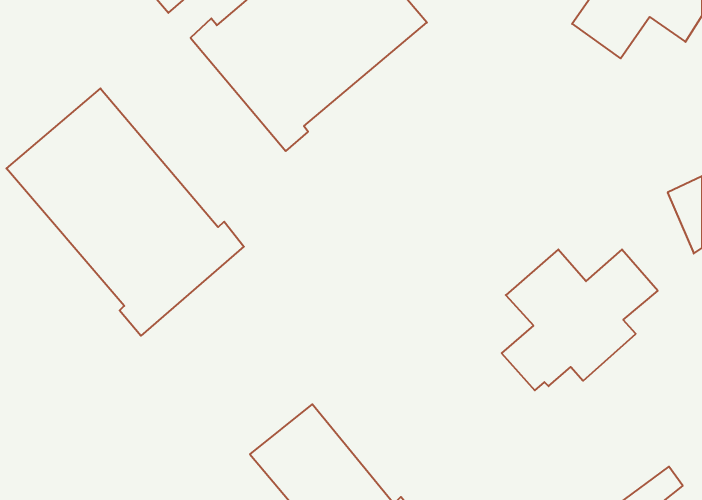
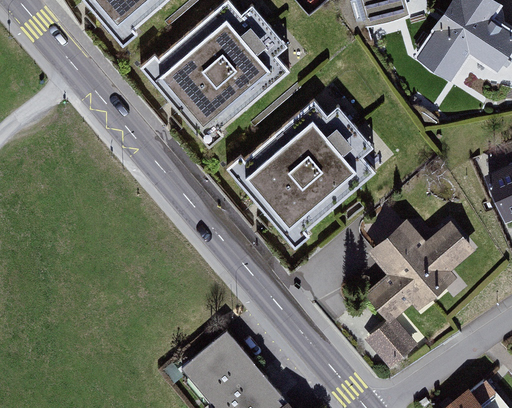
building: none -> [224,83,395,249]
building: [6,88,244,336] -> none
building: none -> [367,316,418,366]

